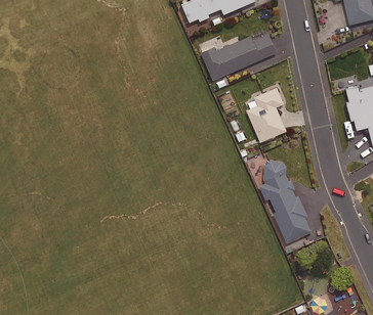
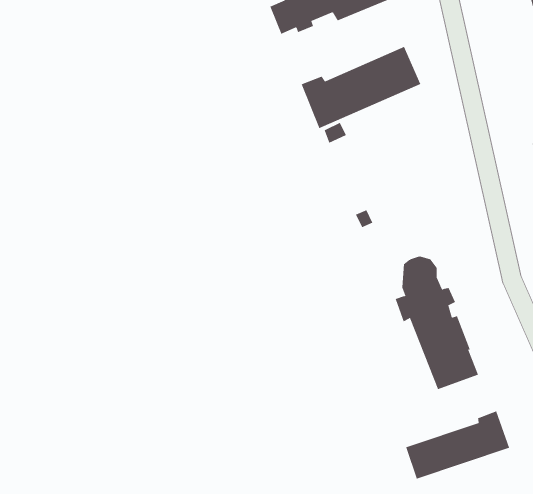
building: [243,89,286,143] -> none
building: none -> [406,411,510,479]

